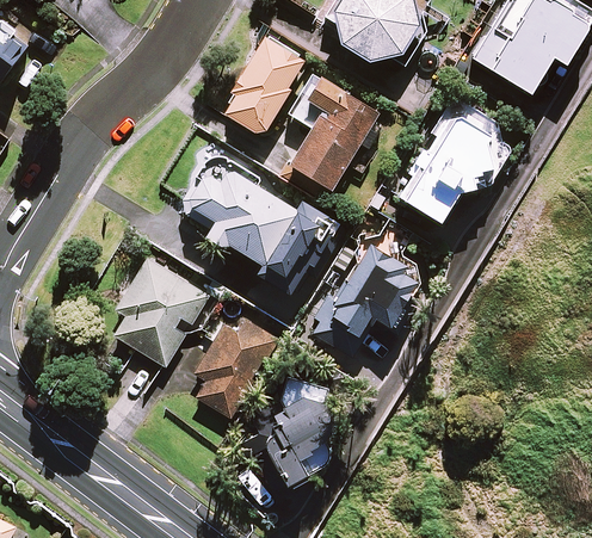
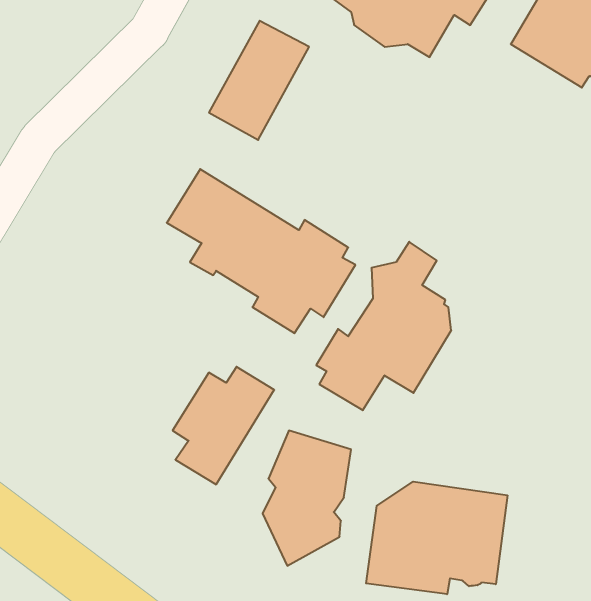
building: [290,76,377,188] -> none
building: [397,101,510,225] -> none
building: [113,260,209,367] -> none
building: none -> [366,482,507,594]

